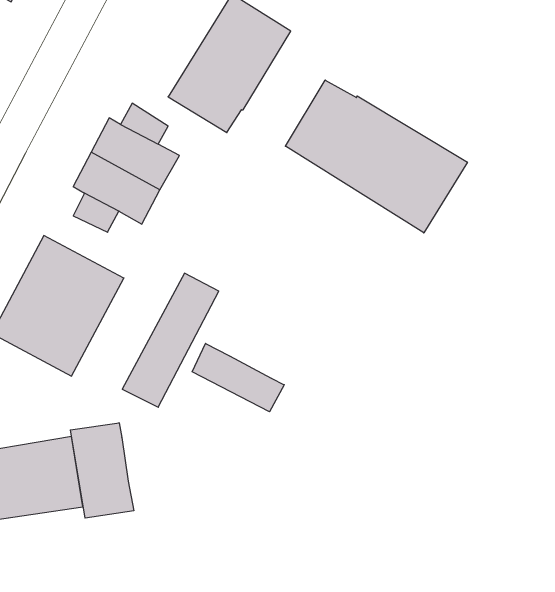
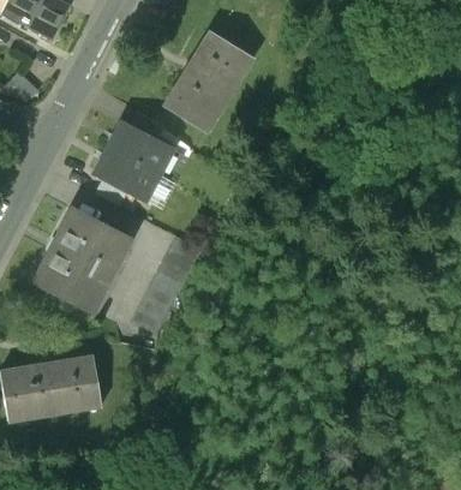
building: [285,80,467,233] -> none
building: [192,343,284,412] -> none
building: [70,423,134,518] -> none

